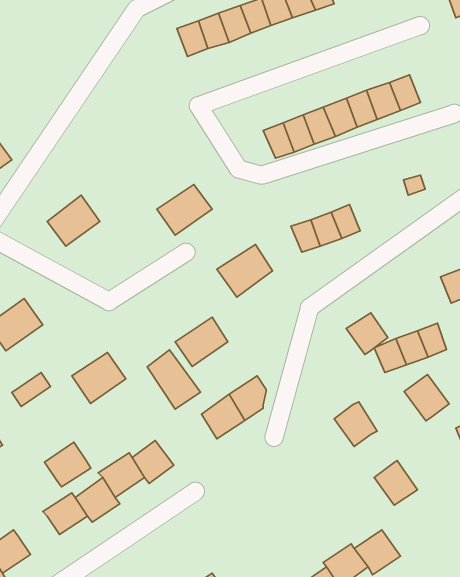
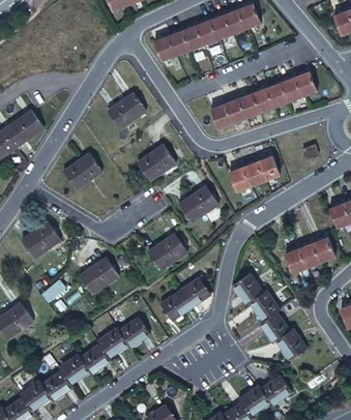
building: none -> [108,94,143,127]
building: [346,313,388,355] -> [240,277,268,305]
building: [147,350,201,409] -> none
building: [404,375,449,421] -> [265,313,295,344]
building: [45,442,91,487] -> [43,368,75,398]

